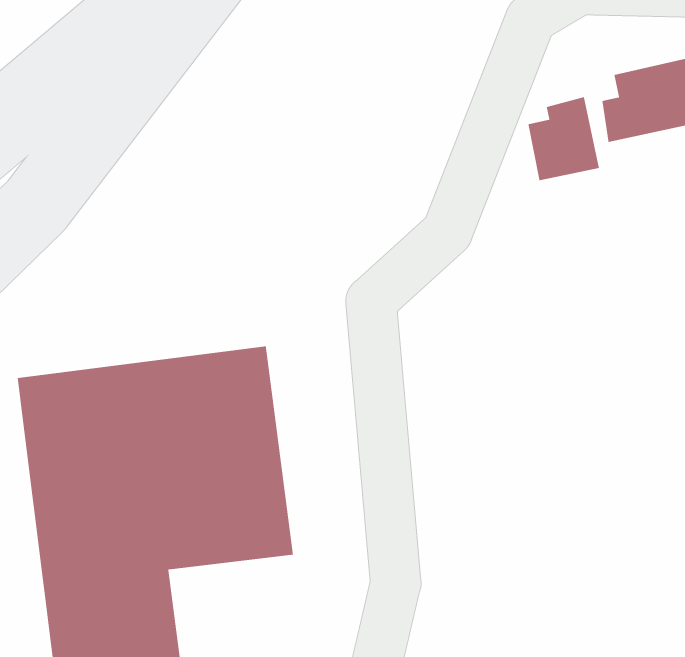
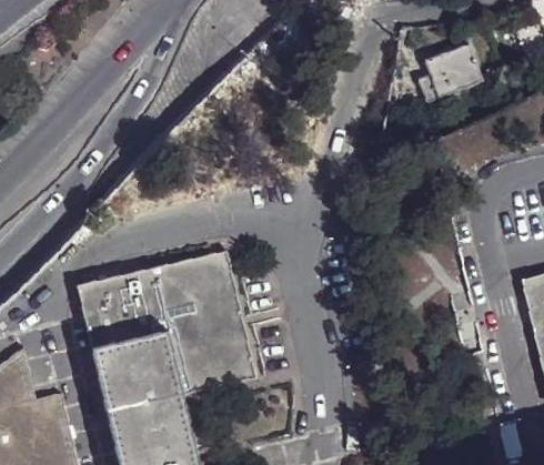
building: [528,96,600,181] -> none

